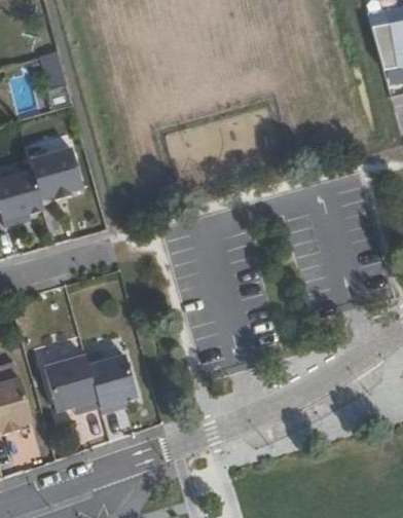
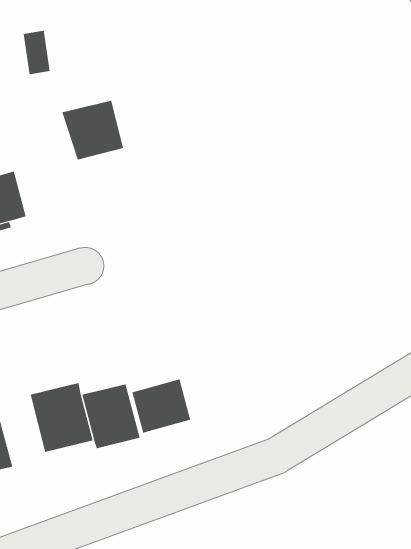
building: [31,146,84,197] -> [61,100,124,160]
building: none -> [132,378,191,434]

